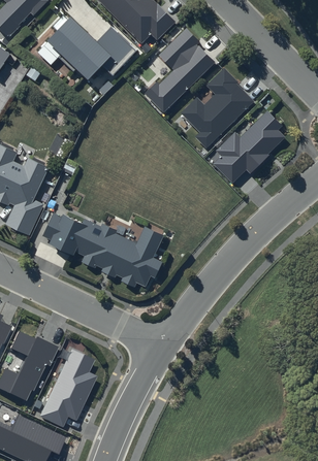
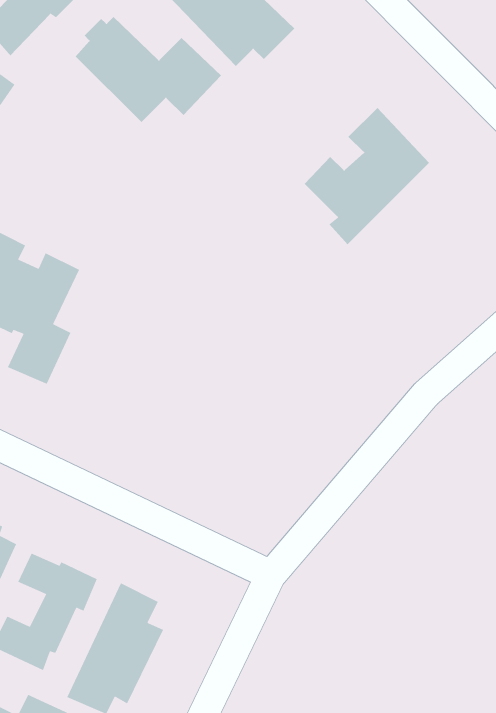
building: [144,28,214,113] -> none
building: [212,110,284,184] -> none
building: [42,212,164,288] -> none

